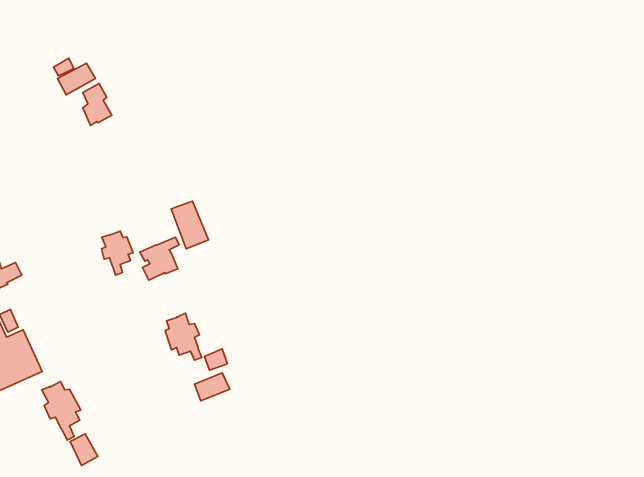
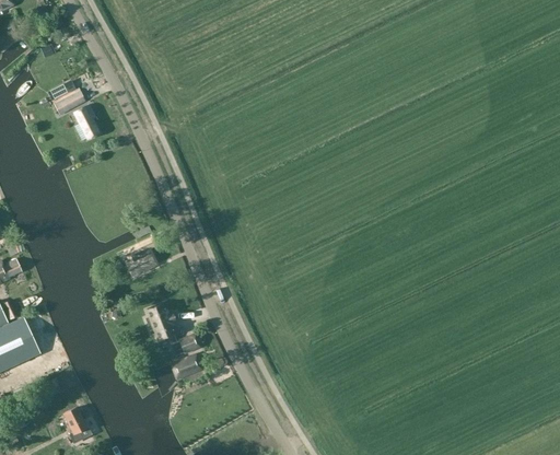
building: [171,201,208,249] -> none
building: [101,231,133,275] -> none
building: [42,382,81,440] -> none

